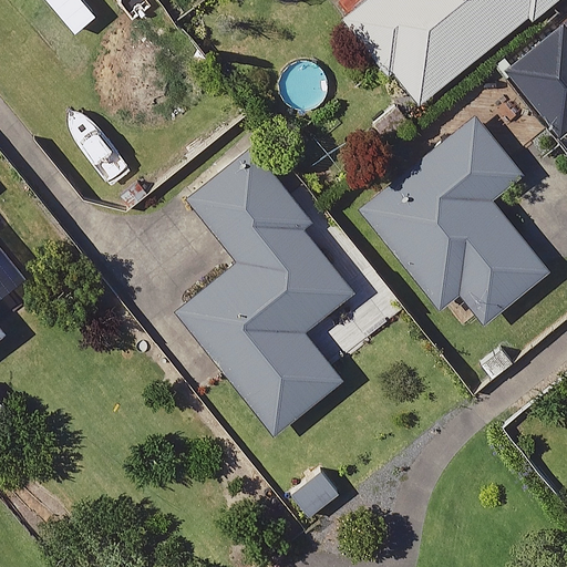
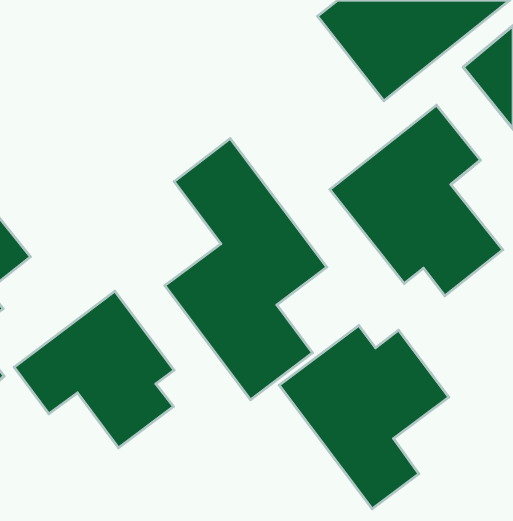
building: none -> [14,291,174,448]
building: none -> [279,326,449,509]

